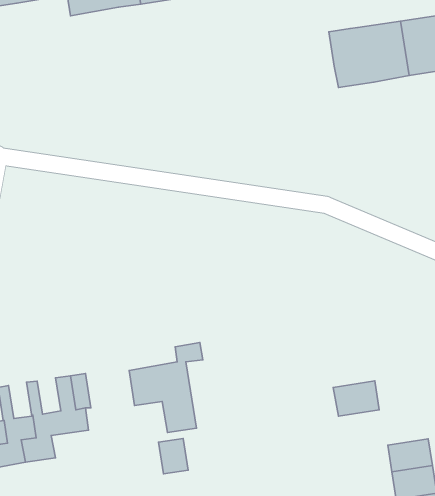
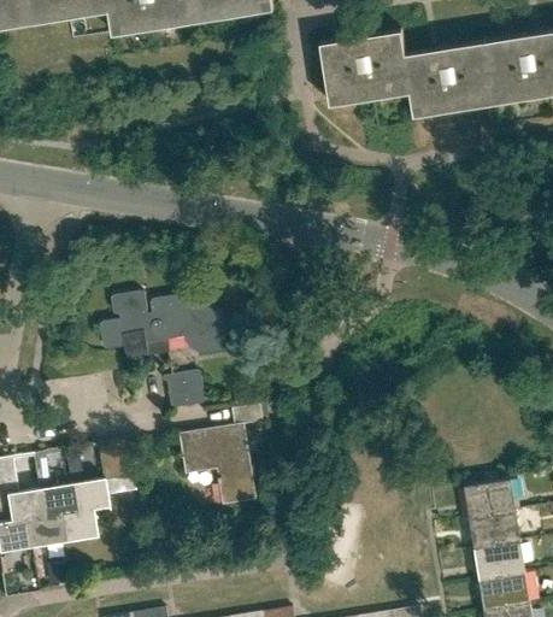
building: none -> [320,30,411,105]
building: none -> [100,292,229,362]
building: none -> [164,371,205,410]
building: [333,381,379,416] -> [465,480,517,519]
building: [159,438,188,474] -> none

